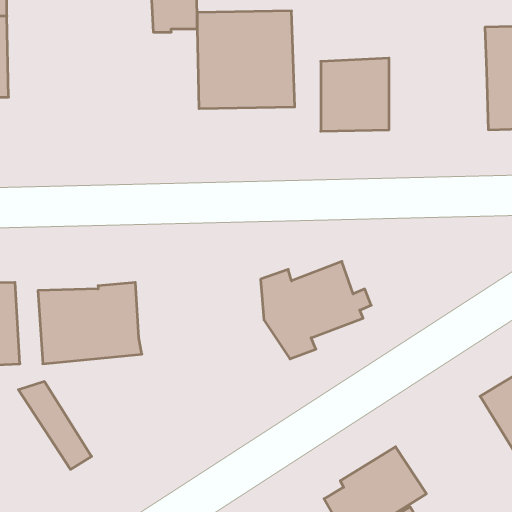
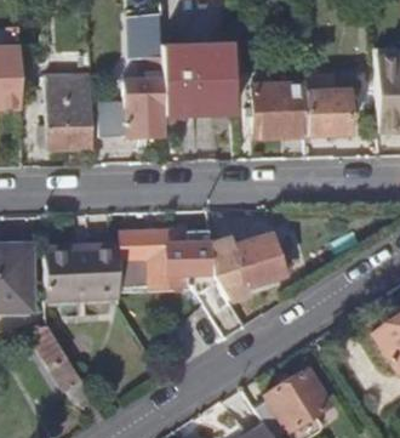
building: none -> [107,57,165,137]
building: none -> [47,85,92,149]
building: none -> [305,86,349,132]
building: none -> [122,232,233,318]

